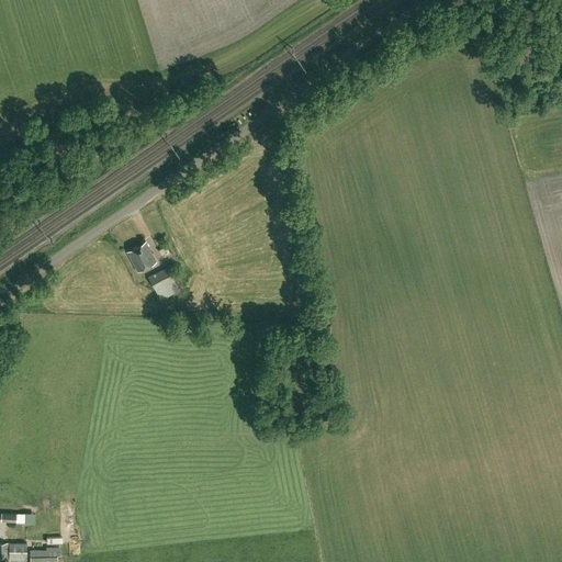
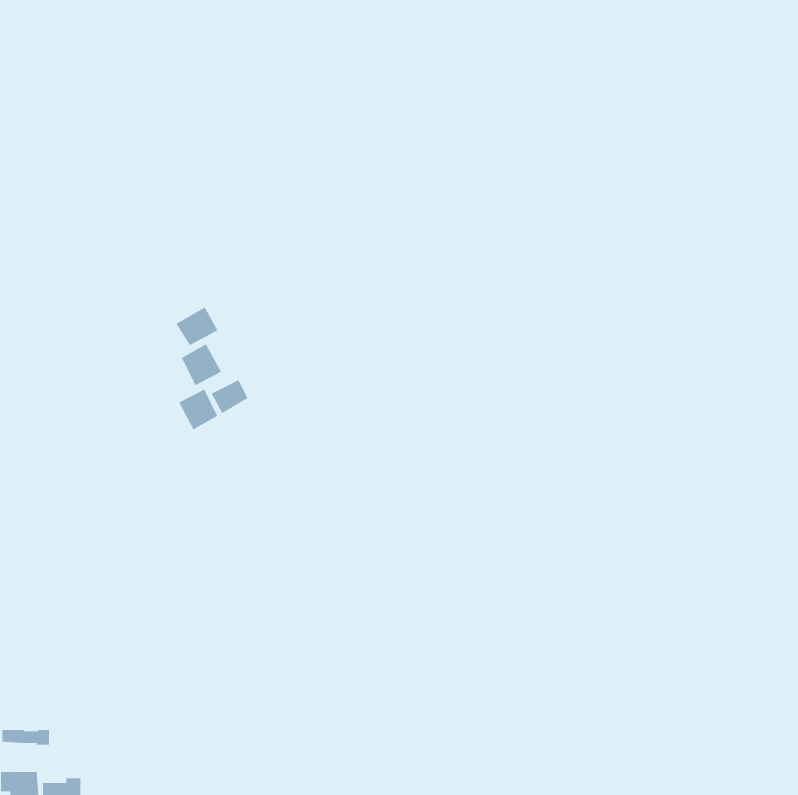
building: none -> [176,307,218,346]
building: none -> [178,389,218,430]

